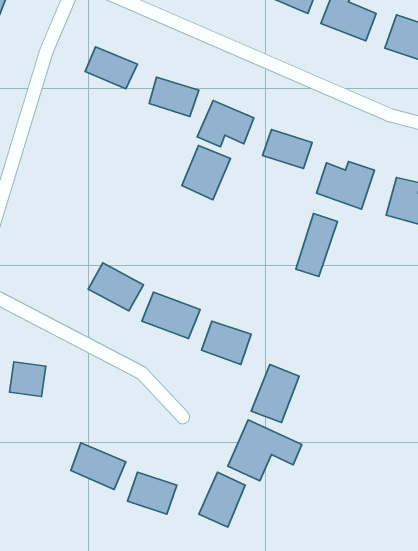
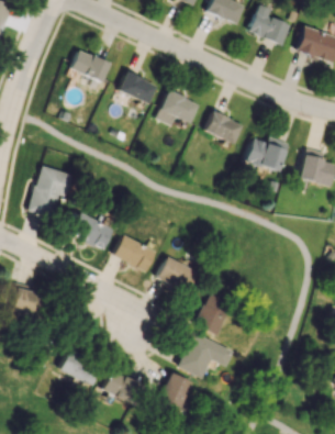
building: [182,145,231,200] -> none
building: none -> [27,166,71,218]
building: [296,213,337,276] -> none

